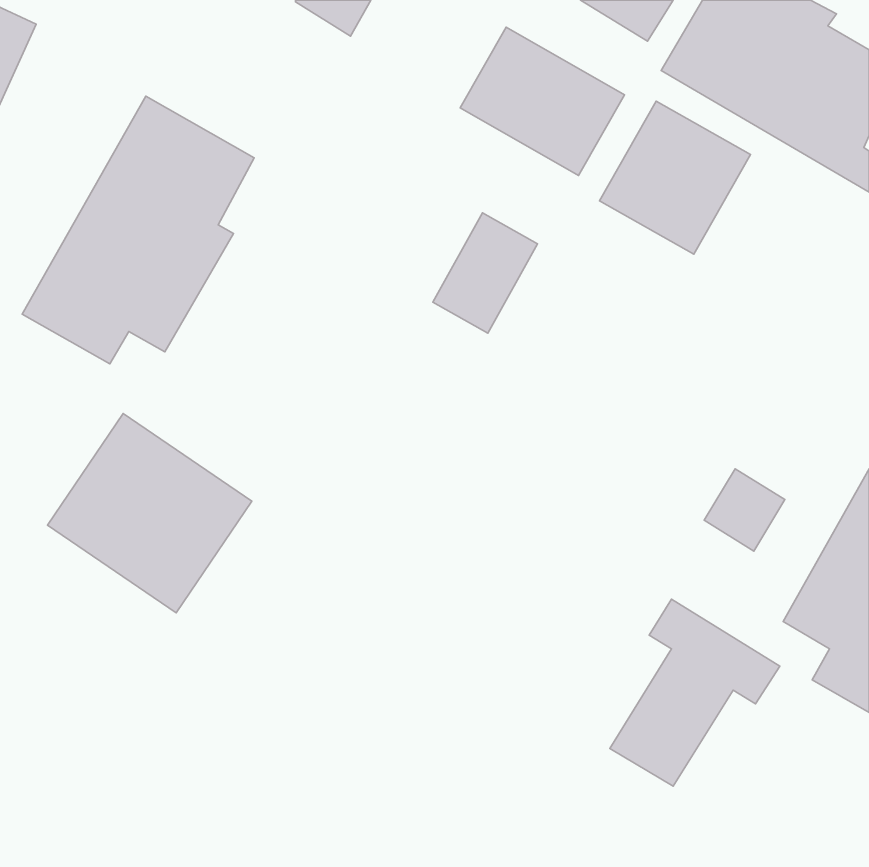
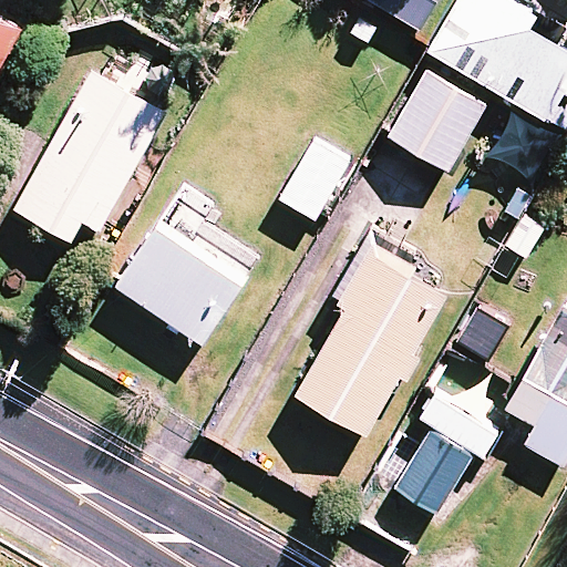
building: [460,27,624,175] -> none
building: none -> [296,244,449,433]
building: [48,414,252,613] -> [116,215,248,343]

